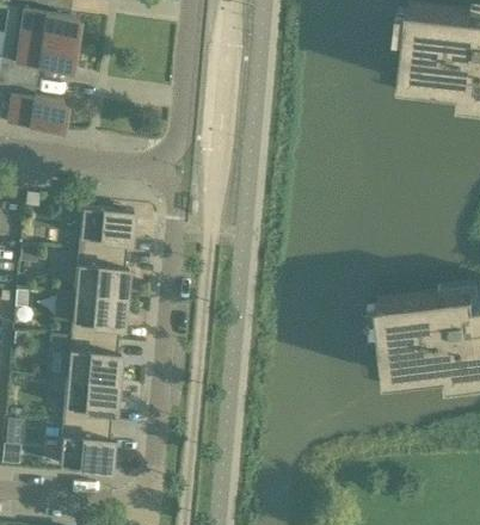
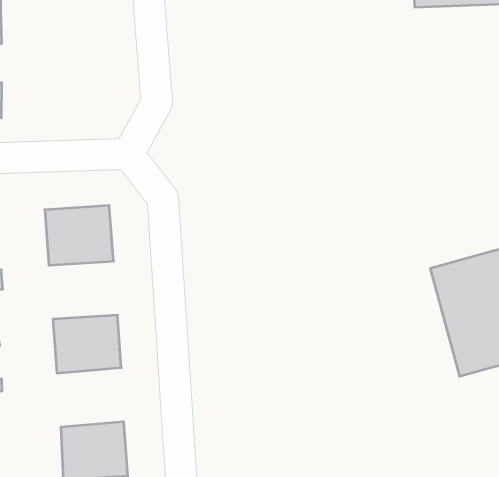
building: [74,254,129,302] -> none
building: [67,340,122,387] -> none

